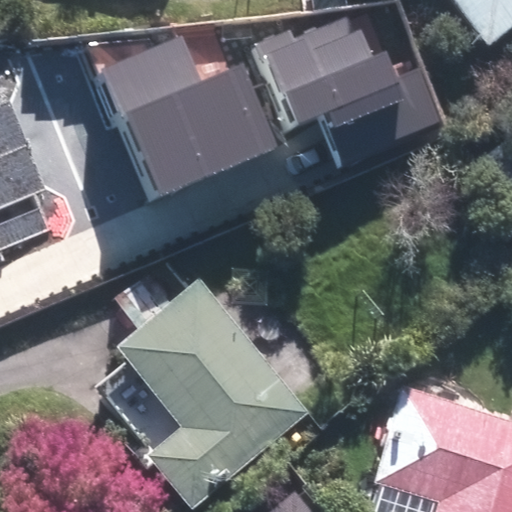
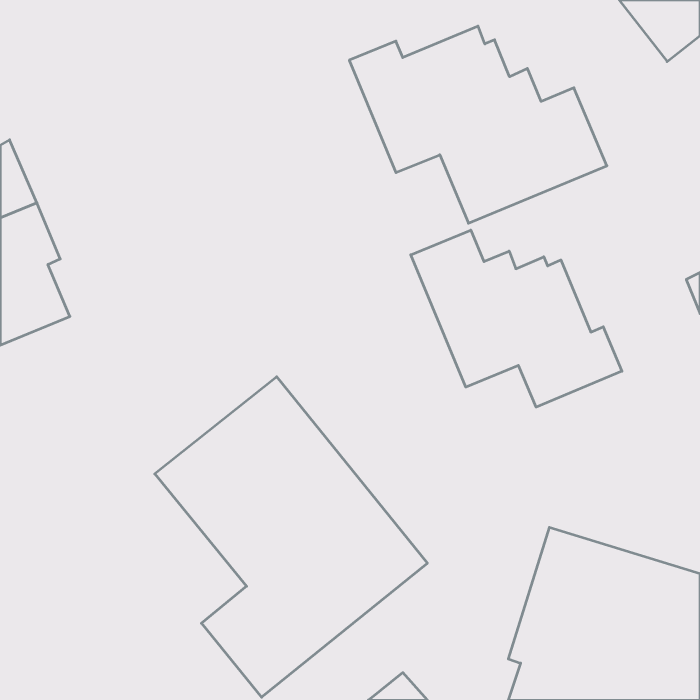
building: [105,40,283,201] -> none
building: none -> [411,230,622,407]

